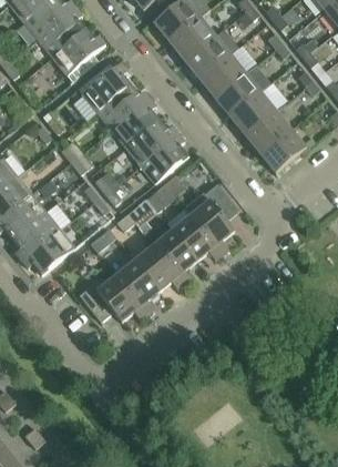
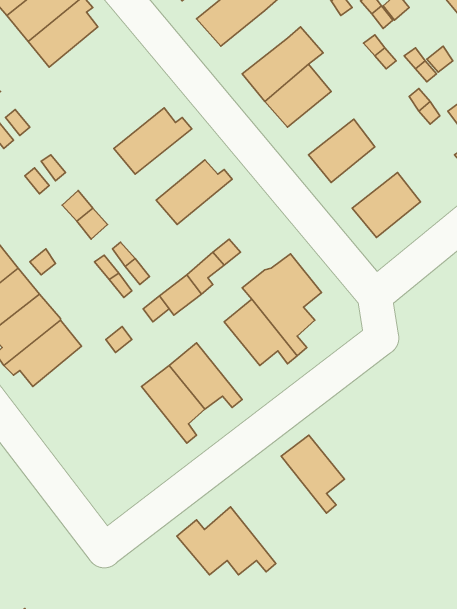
building: [170,17,215,60] -> none
building: [52,28,105,74] -> none
building: [82,61,131,111] -> none
building: [215,72,260,115] -> none
building: [111,98,158,146] -> none
building: [245,110,290,152] -> none
building: [140,132,188,182] -> none
building: [153,230,196,283] -> [281,435,344,513]
building: [79,274,146,321] -> [177,507,276,575]

